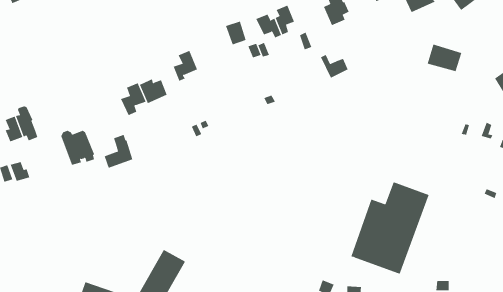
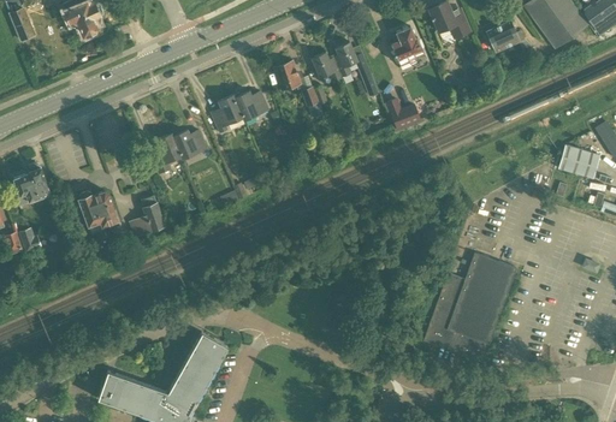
building: [427,44,462,72] -> [557,145,599,179]
building: none -> [232,91,268,121]

